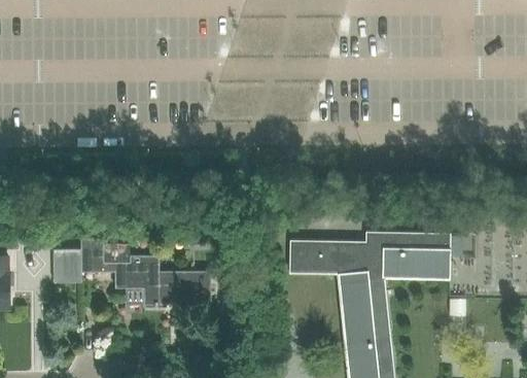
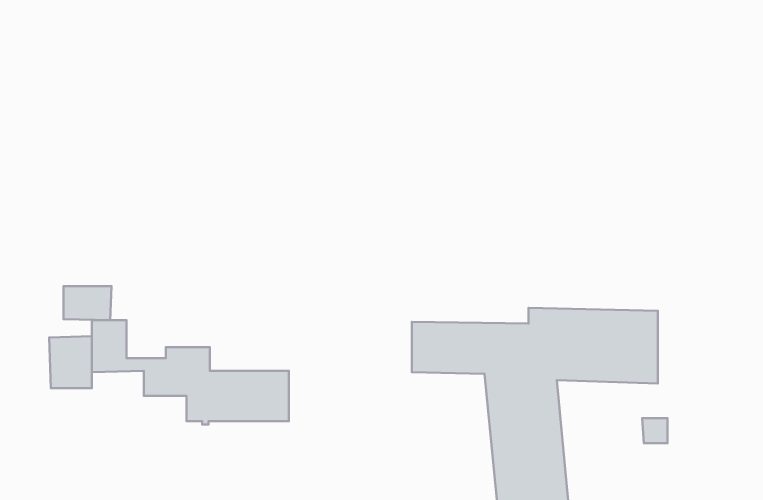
building: none -> [64,286,112,320]

